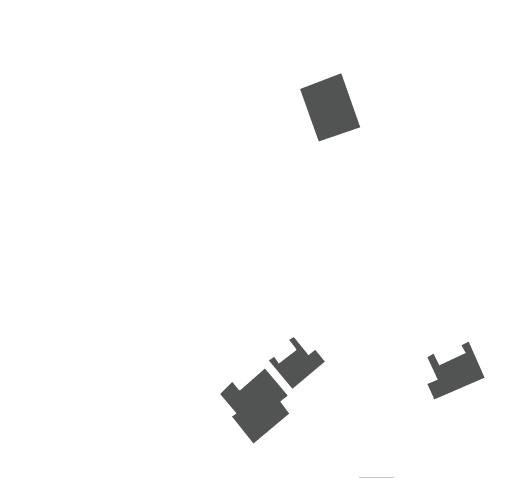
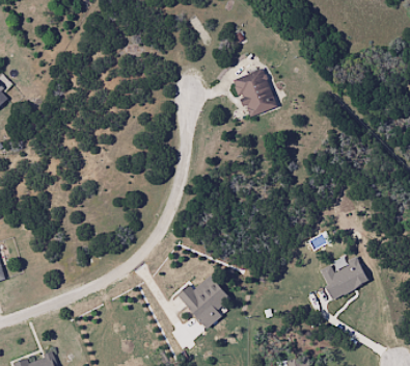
building: [268,336,326,390] -> none

